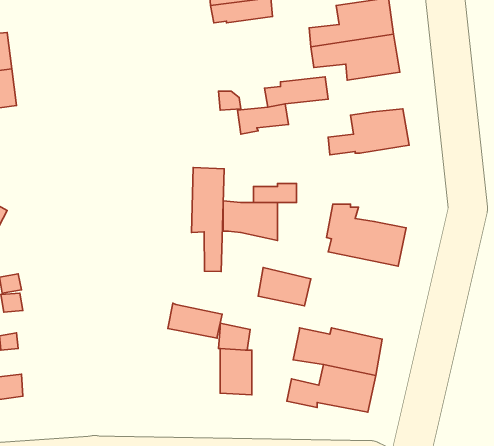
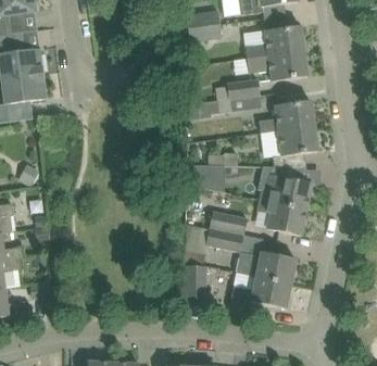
building: none -> [273,126,317,169]
building: [192,167,224,272] -> none
building: none -> [256,199,306,236]
building: [168,303,222,338] -> [205,228,242,252]

